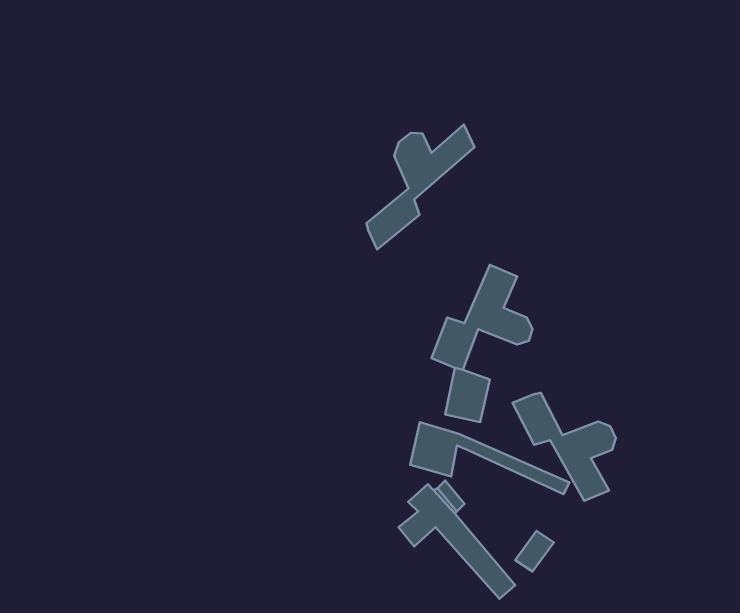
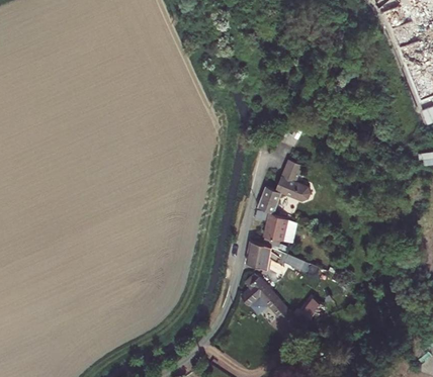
building: [366,125,475,249] -> none
building: [512,393,616,501] -> none

